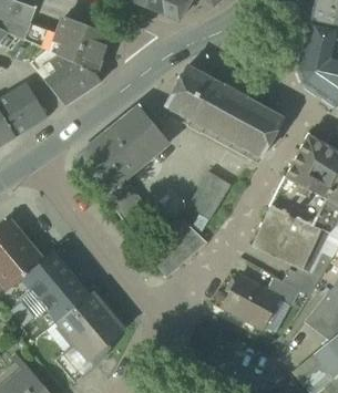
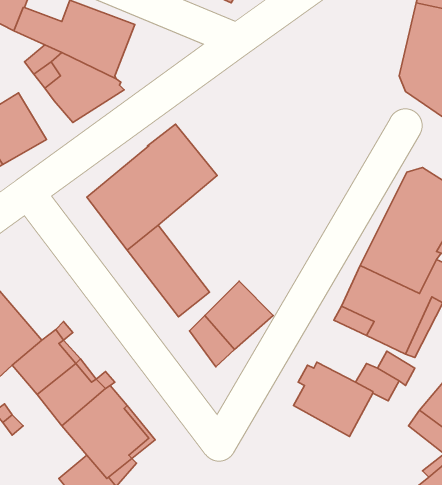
building: [166,65,283,156] -> none
building: [188,169,232,218] -> none

